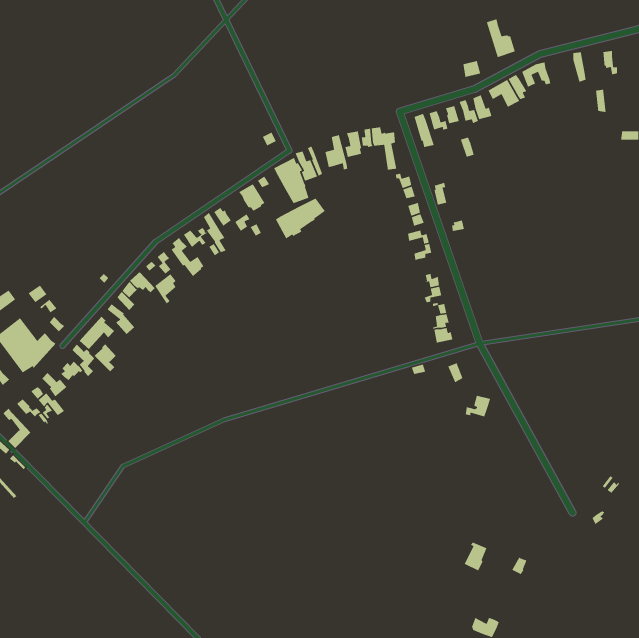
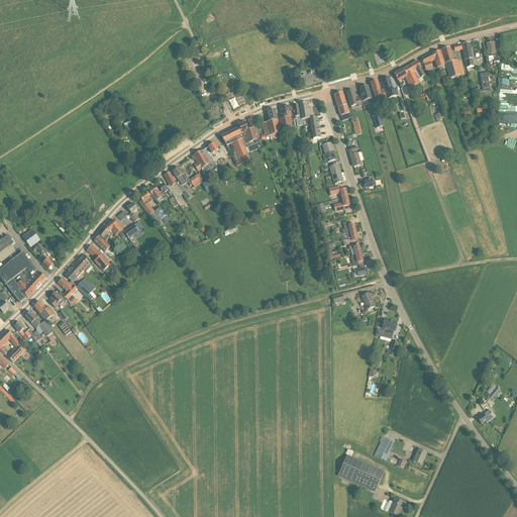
building: [486,18,516,58] -> [440,45,464,78]
building: [275,197,326,240] -> none
building: none -> [337,453,383,491]

